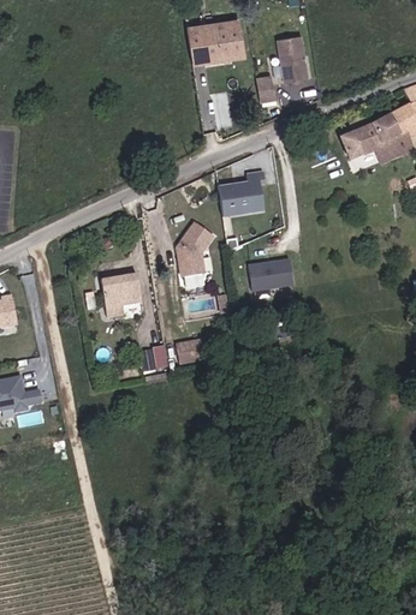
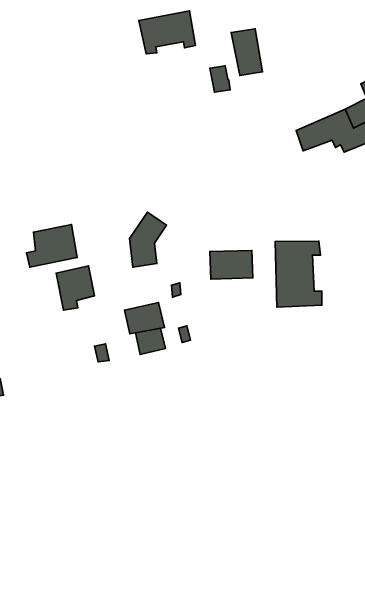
building: [216,171,269,216] -> none
building: none -> [26,224,77,267]
building: none -> [275,241,322,307]
building: none -> [124,302,164,334]

